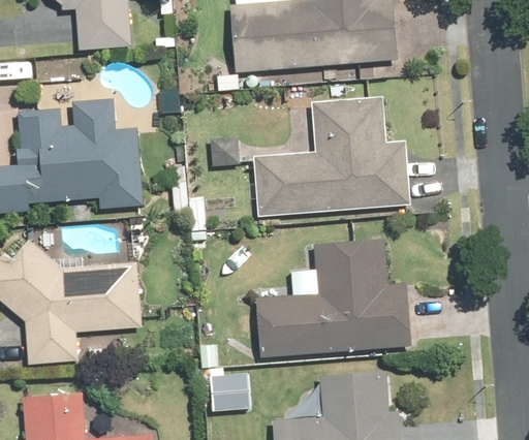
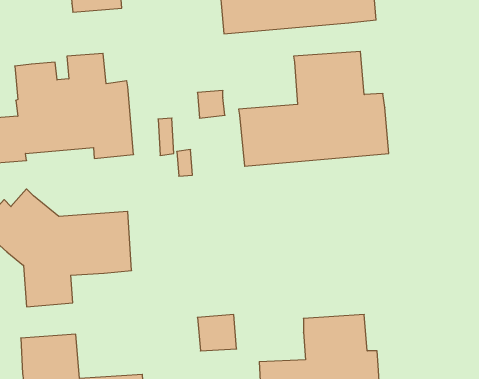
building: [257,239,410,354] -> none

